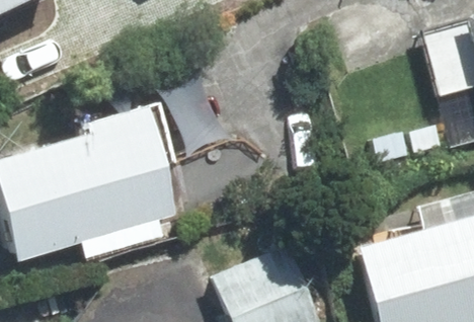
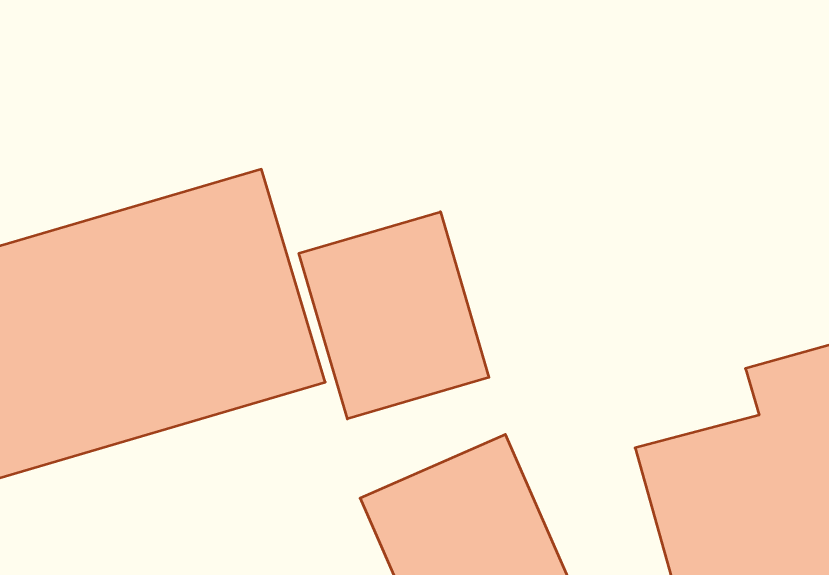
building: none -> [299,212,489,419]

